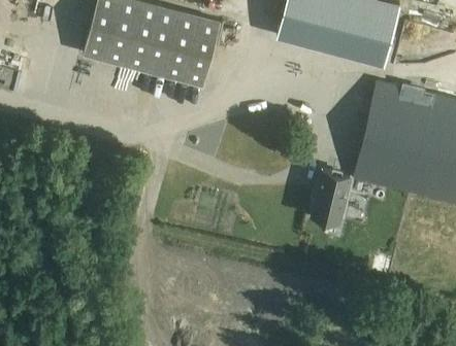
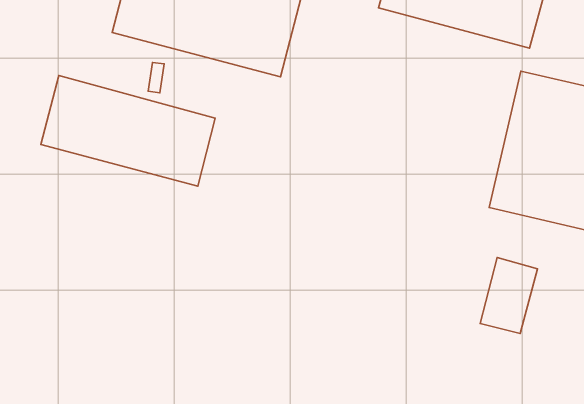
building: none -> [41,76,215,186]
building: [312,170,353,224] -> [480,257,538,333]

